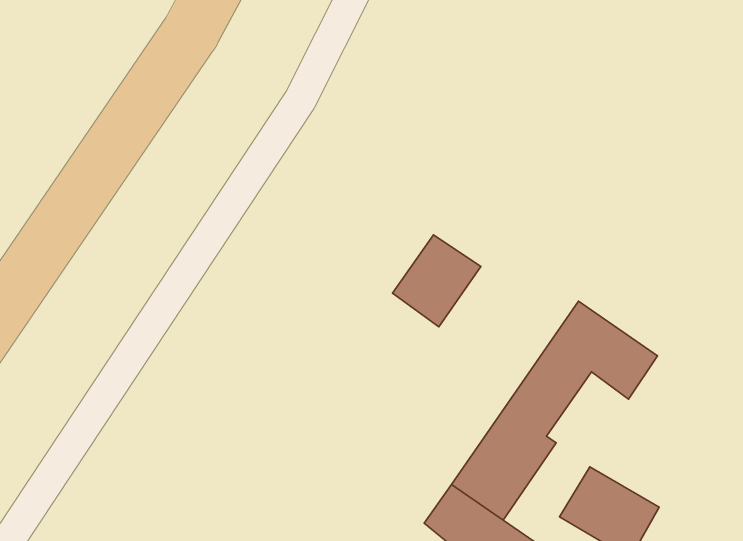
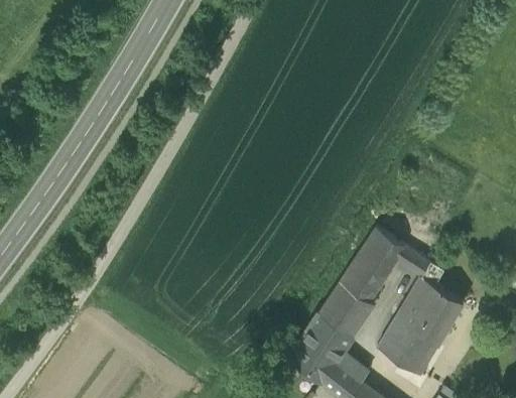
building: [392,235,481,327] -> none
building: none -> [394,279,463,347]

